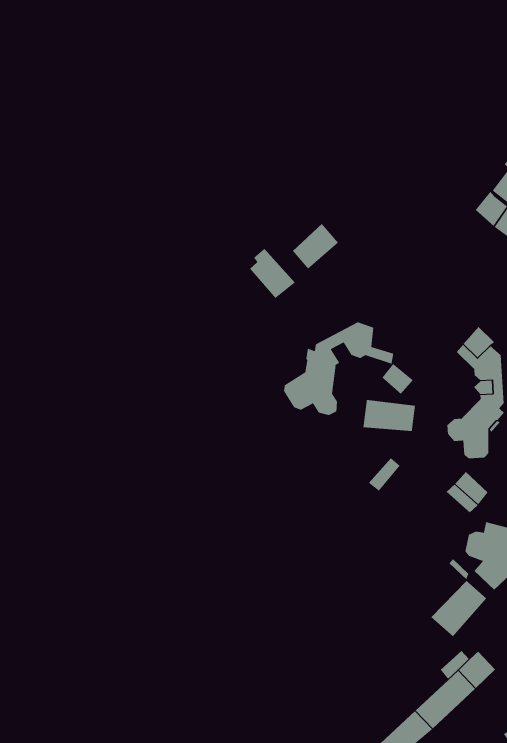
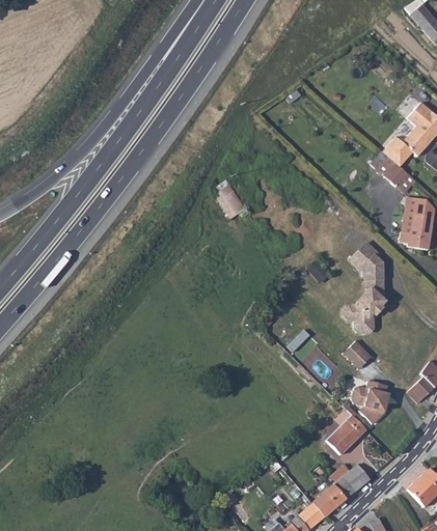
building: [292,223,339,269] -> none
building: [283,321,394,416] -> none
building: [363,399,415,432] -> none

